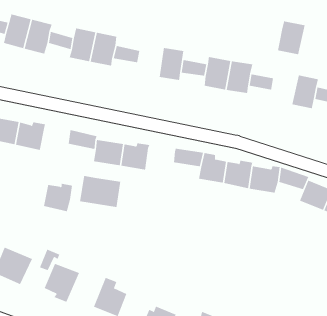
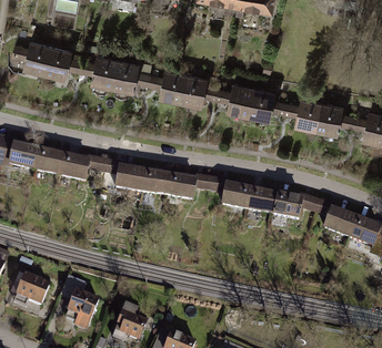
building: [277,21,306,55] -> [292,98,321,132]
building: none -> [157,70,184,104]
building: none -> [167,176,195,203]
building: [80,175,121,208] -> none
building: [43,183,73,212] -> [60,155,90,184]

